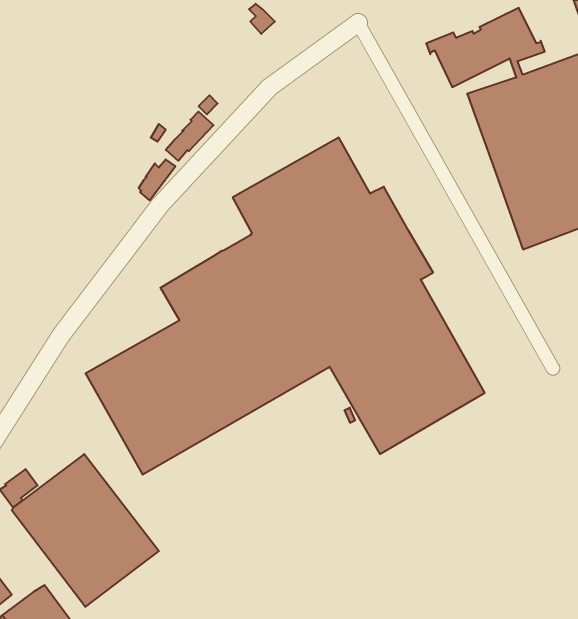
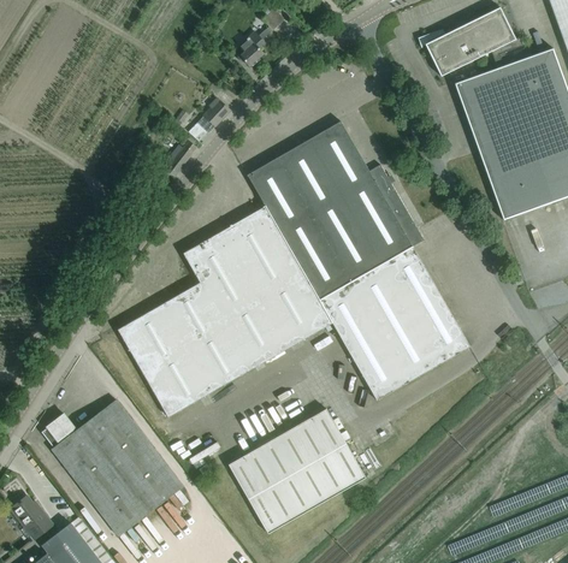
building: none -> [238,29,270,66]
building: none -> [229,409,366,534]

